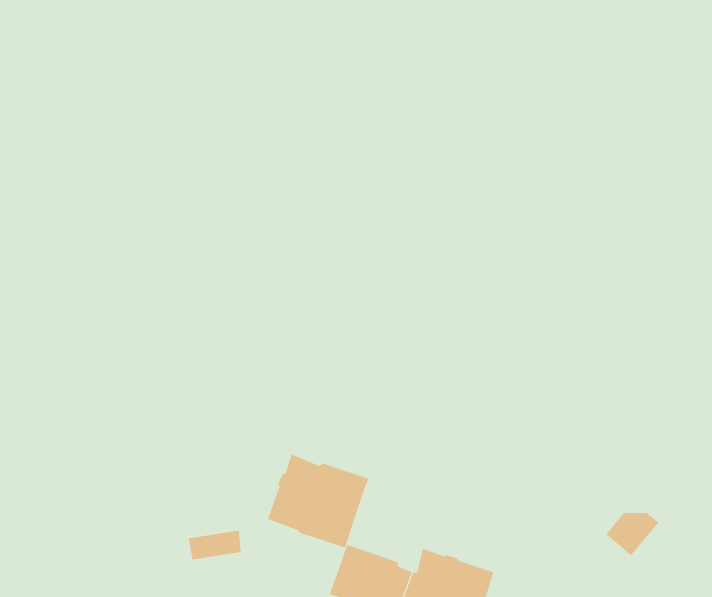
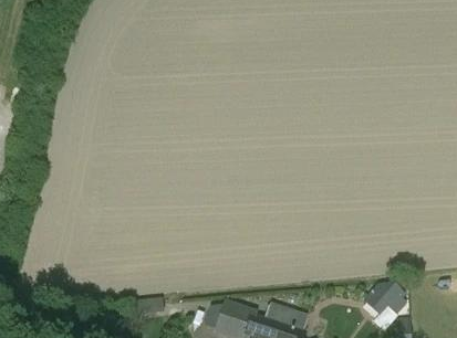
building: [267,453,370,548] -> none

